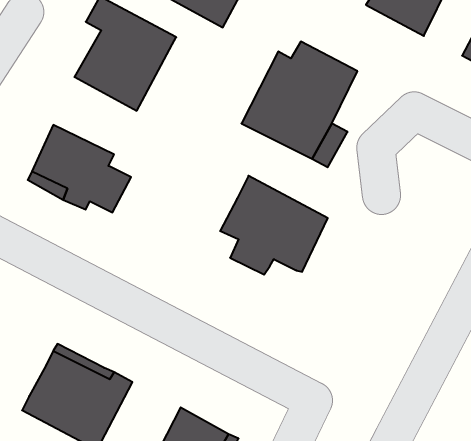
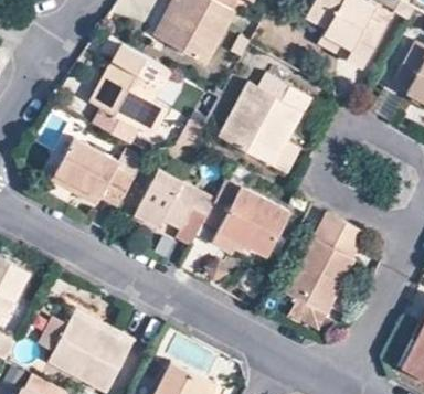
building: none -> [135,167,216,245]
building: none -> [285,213,365,331]

